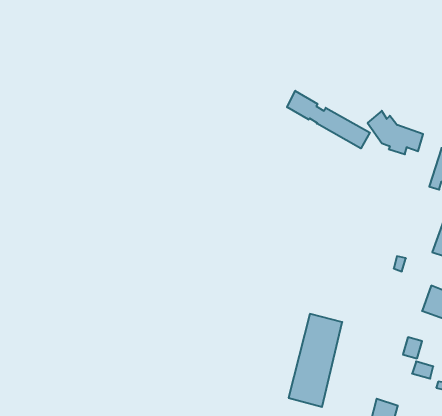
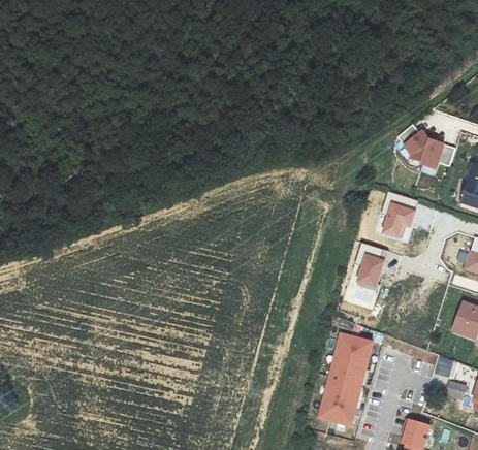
building: [287,91,370,148] -> none
building: none -> [382,192,417,237]
building: none -> [355,244,384,289]

